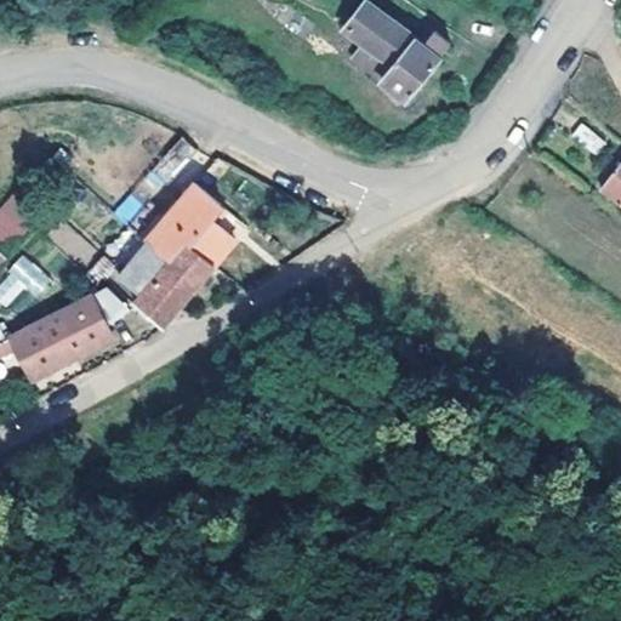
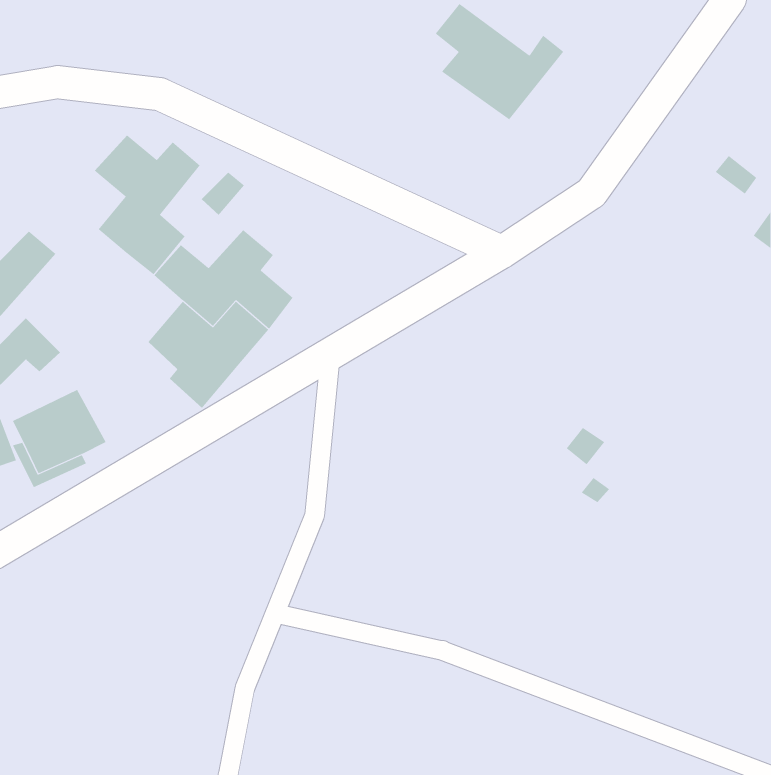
building: none -> [94,135,201,275]
building: [62,285,129,353] -> none

